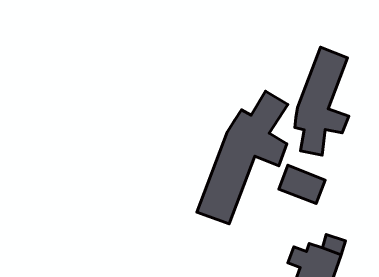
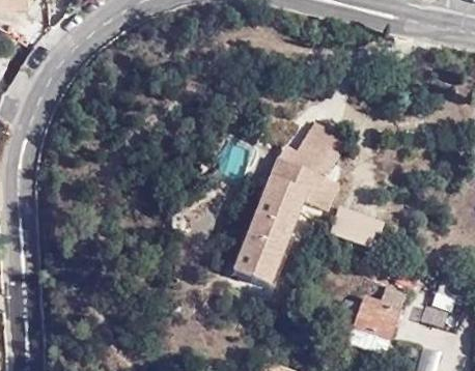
building: [295,47,349,155] -> none

